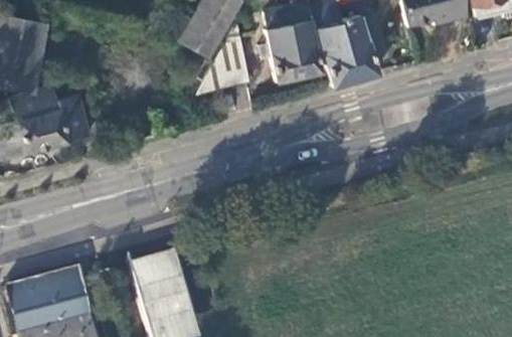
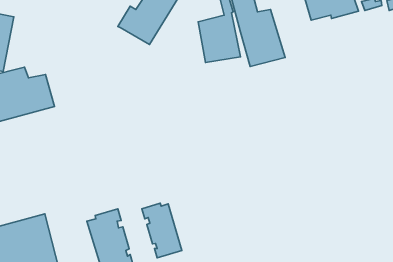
building: [197,20,250,93] -> none
building: none -> [142,203,182,258]

